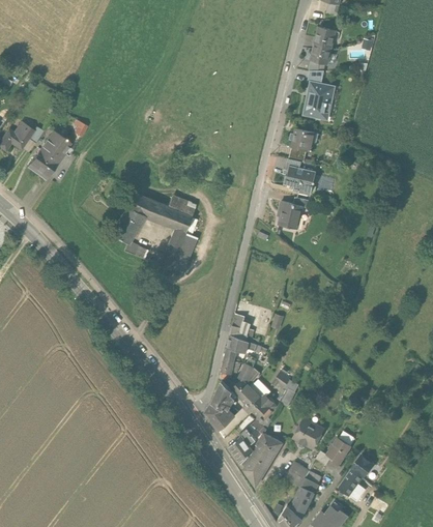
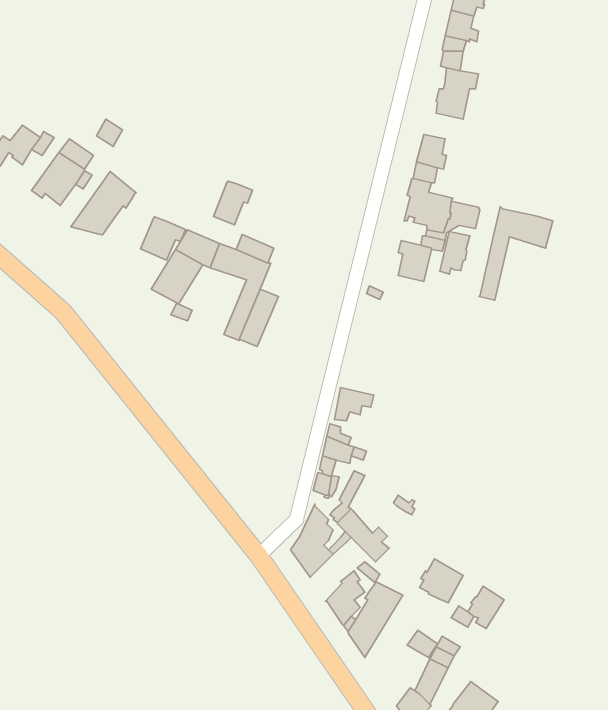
building: none -> [71,171,136,235]
building: none -> [214,181,253,225]
building: none -> [479,207,553,300]
building: none -> [140,217,185,260]
building: none -> [440,231,470,274]
building: [339,457,372,495] -> none

